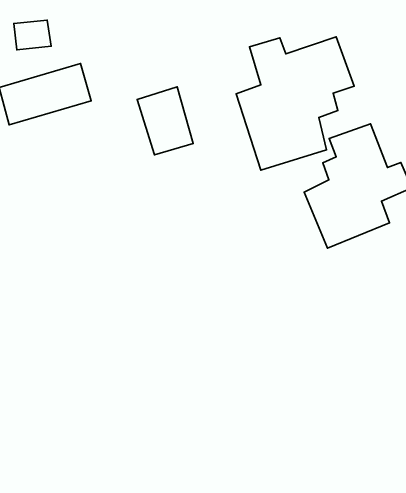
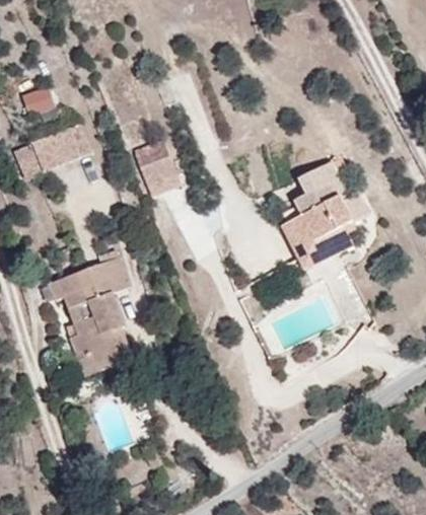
building: [236,37,354,170] -> none
building: none -> [47,254,137,376]

